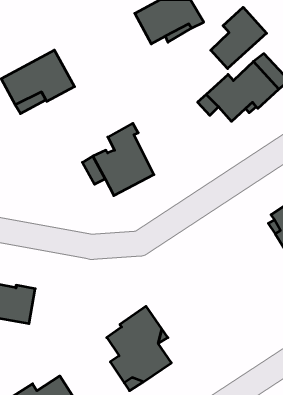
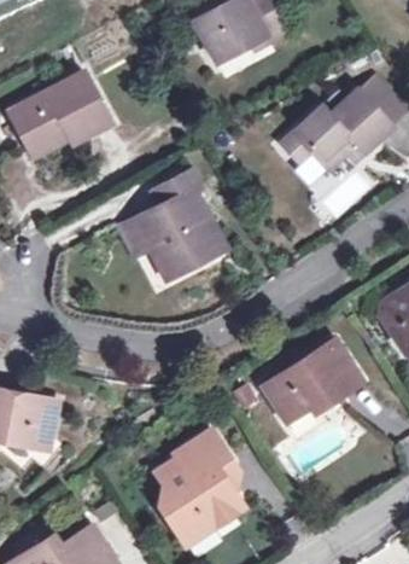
building: [211,7,267,69] -> none
building: none -> [263,337,363,419]

